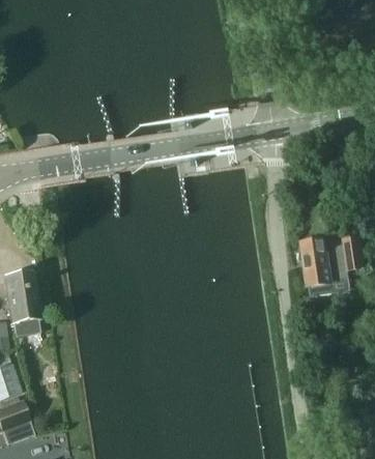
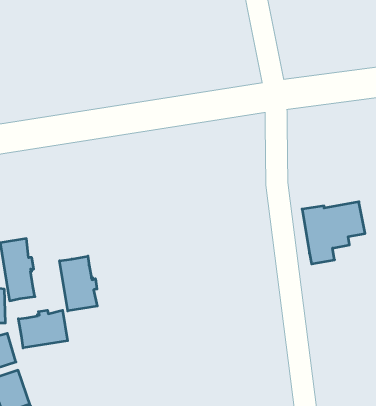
building: none -> [60,256,97,311]
building: none -> [18,310,68,348]

